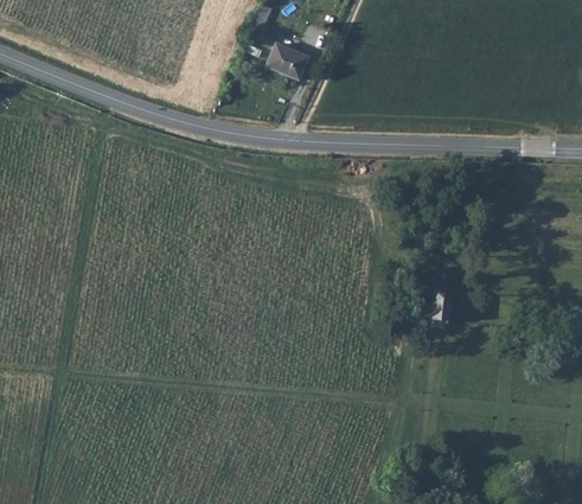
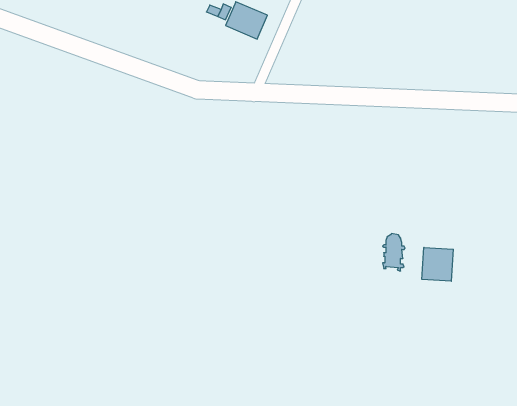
building: none -> [422,247,453,281]

